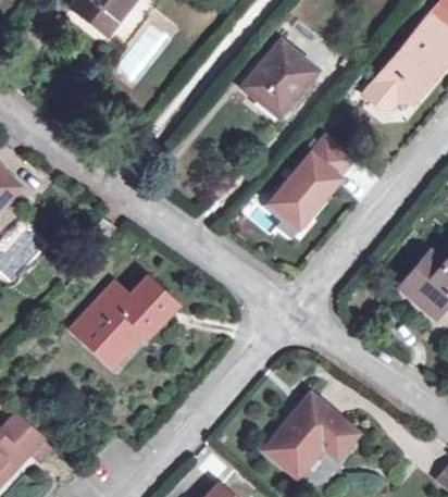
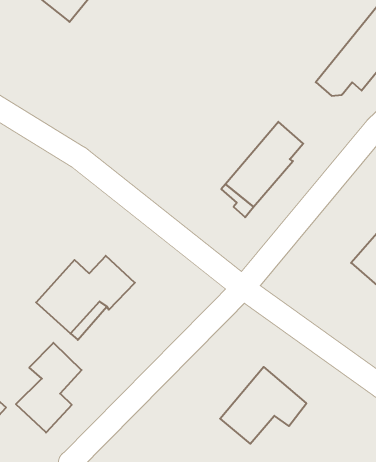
building: [241,40,316,115] -> none
building: none -> [16,343,82,433]

